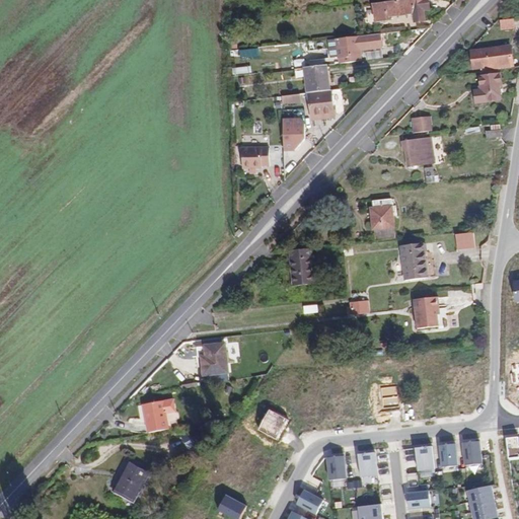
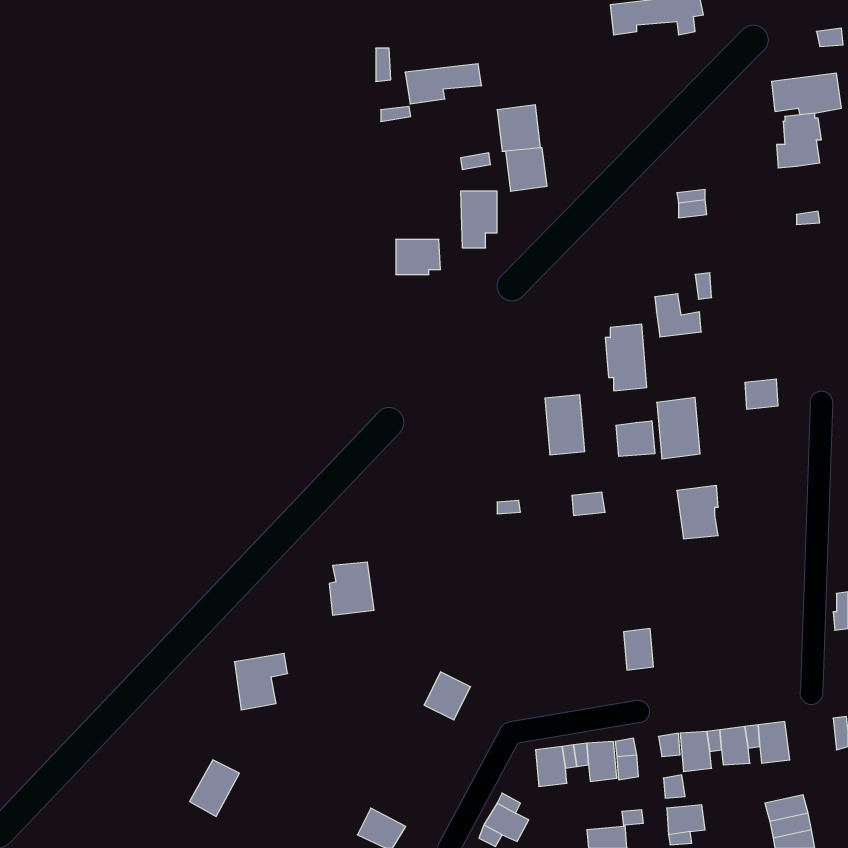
building: [336,32,382,57] -> [405,64,482,104]
building: [405,139,434,165] -> [655,294,701,337]
building: [289,248,313,285] -> [545,395,585,455]
building: none -> [616,421,655,456]

